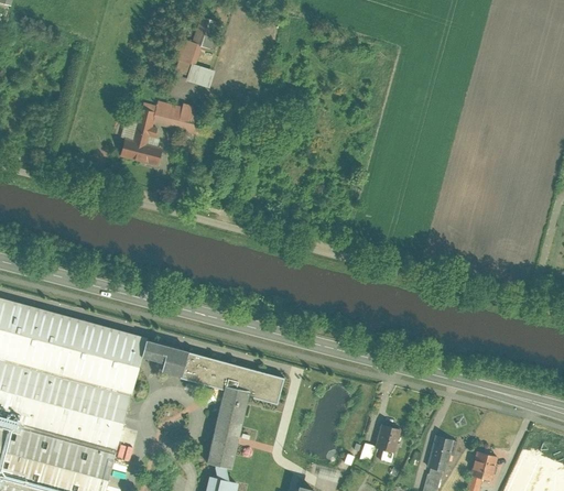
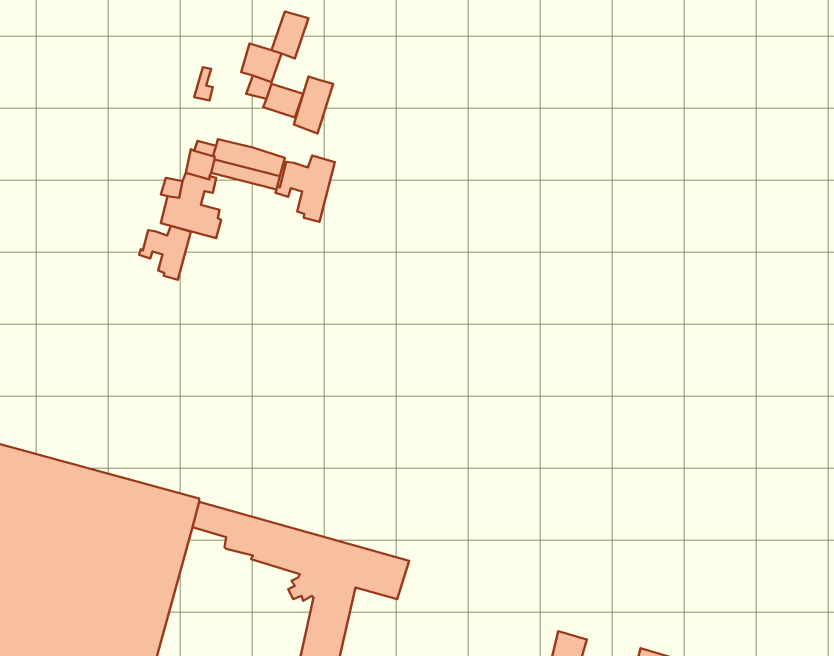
building: none -> [294,77,333,133]
building: none -> [276,156,335,222]
building: none -> [139,226,191,280]

